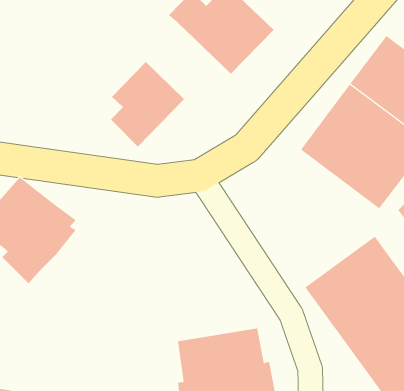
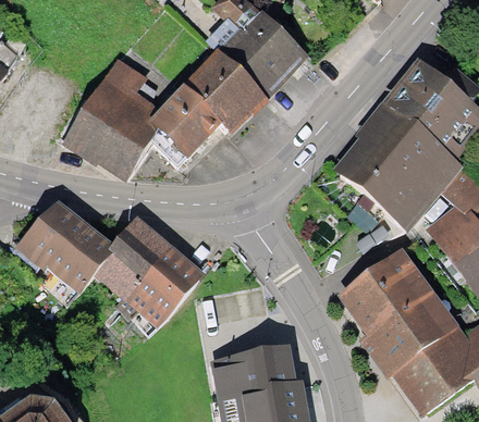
building: none -> [177,47,265,133]
building: none -> [61,57,159,184]
building: none -> [96,216,201,330]

